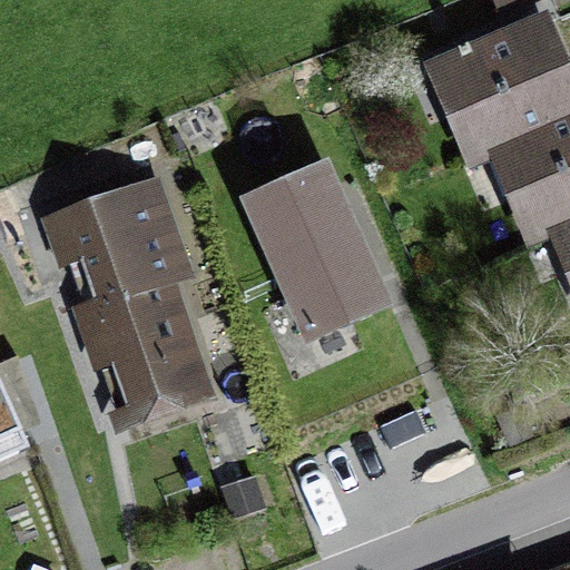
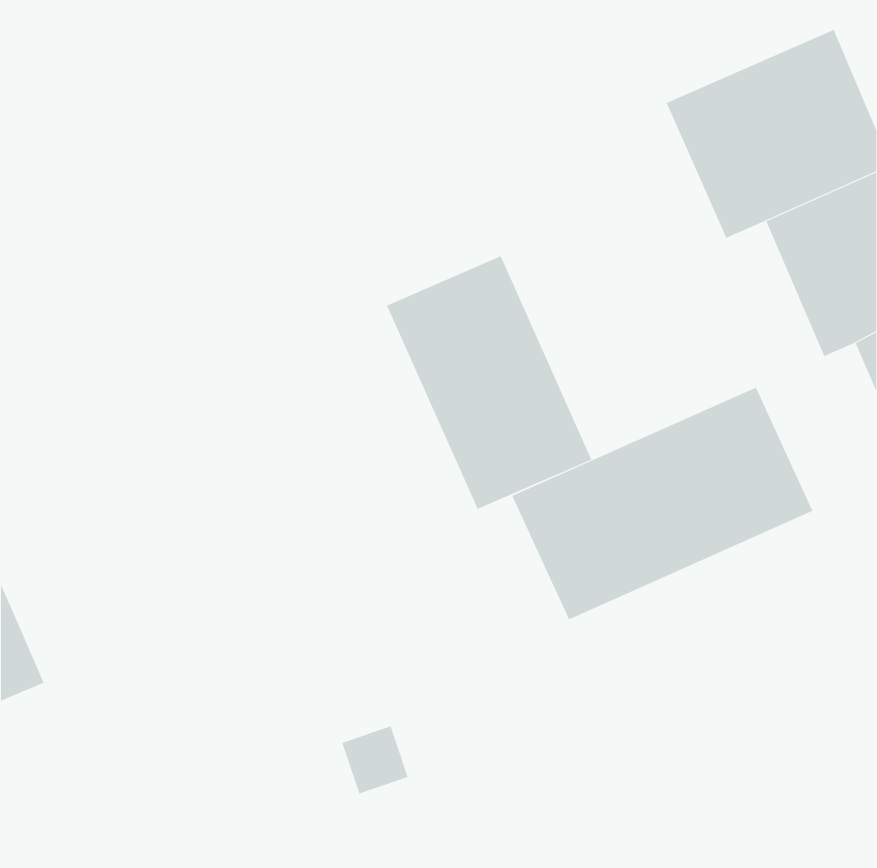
building: [69,187,204,404] -> none
building: none -> [512,387,813,620]

